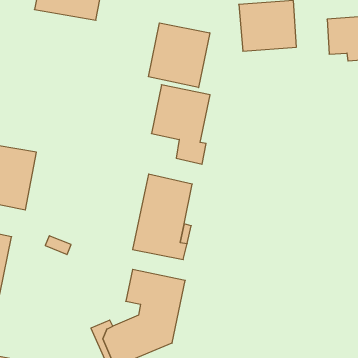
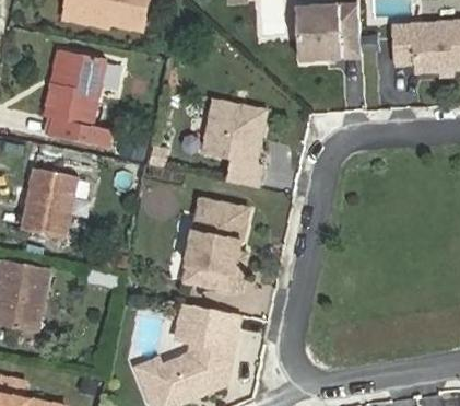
building: [149,23,210,88] -> none
building: none -> [43,49,109,147]

